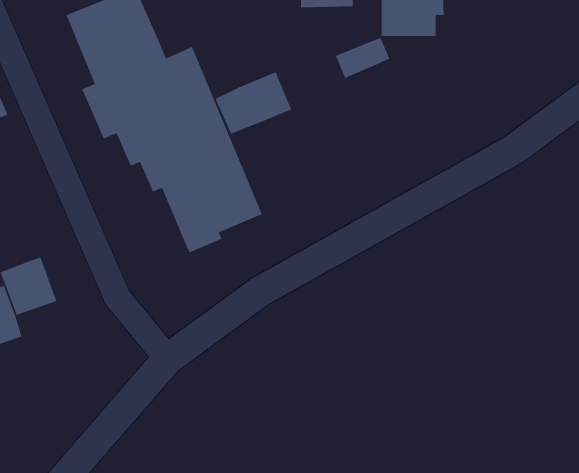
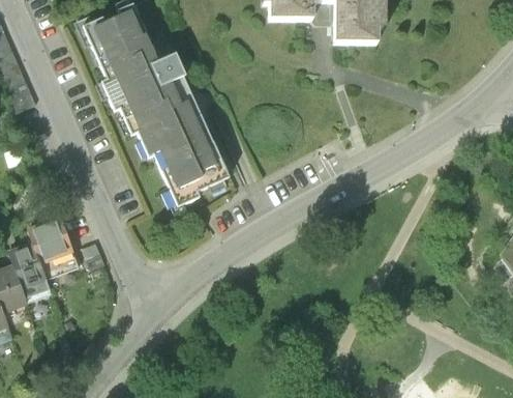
building: [335,37,391,79] -> none
building: [214,71,292,135] -> none

